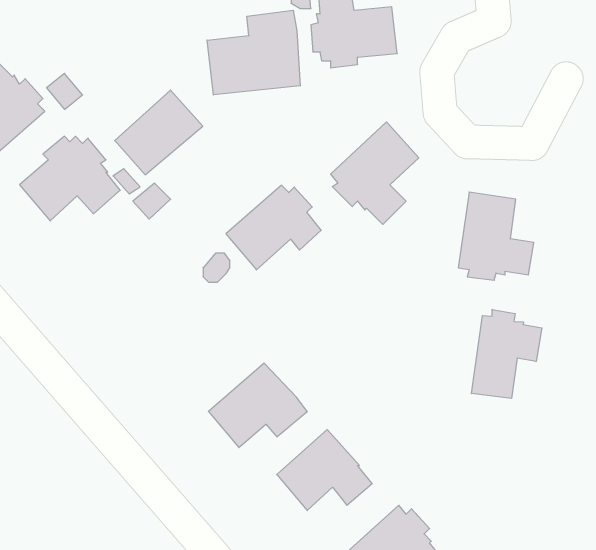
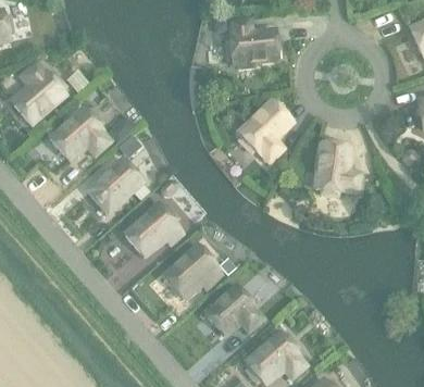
building: [207,10,300,95] -> none
building: [115,90,203,175] -> [88,160,141,211]
building: [226,185,321,270] -> [124,204,182,255]
building: [471,309,542,398] -> none

